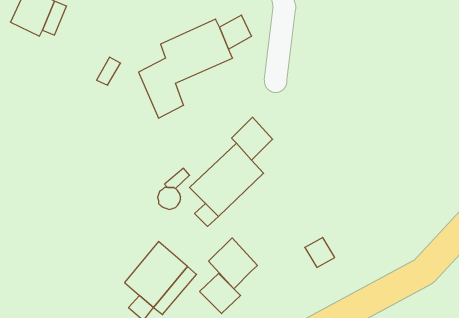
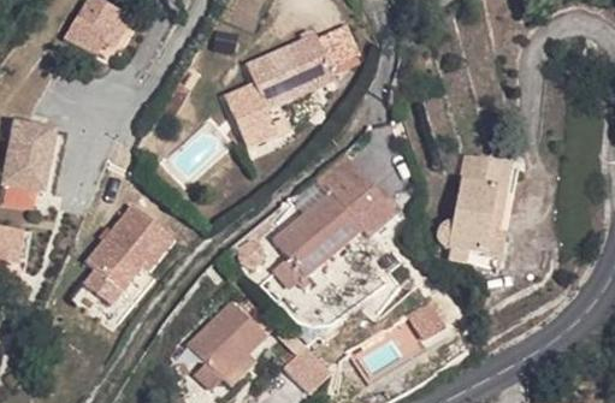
building: none -> [436,156,508,255]
building: none -> [350,179,398,229]
building: none -> [94,211,177,308]
building: [209,238,257,289] -> none

